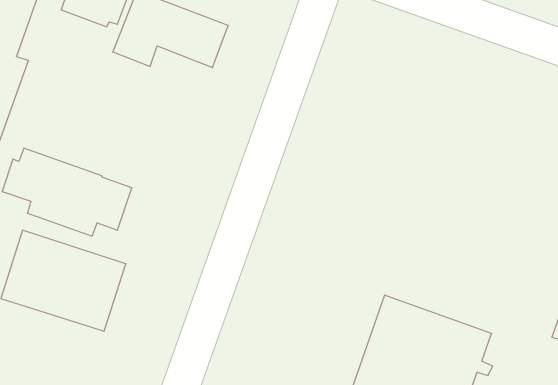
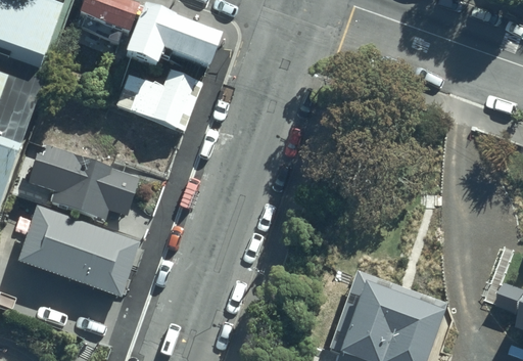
building: none -> [117,66,203,131]

